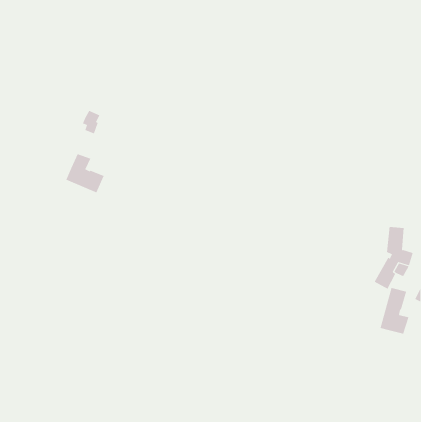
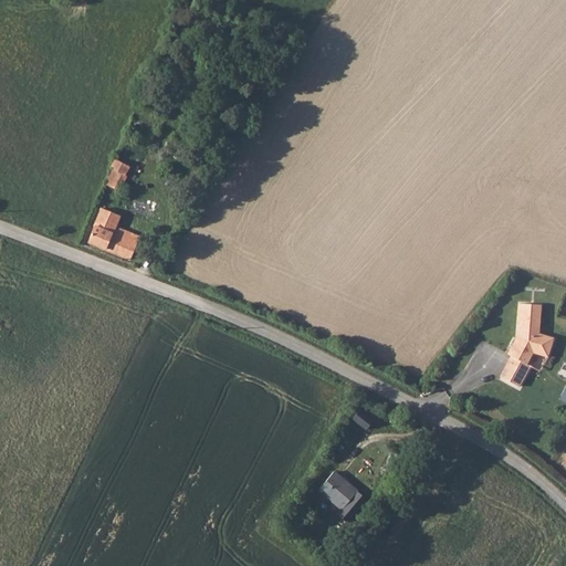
building: [380,287,409,335] -> none
building: none -> [322,473,360,509]

